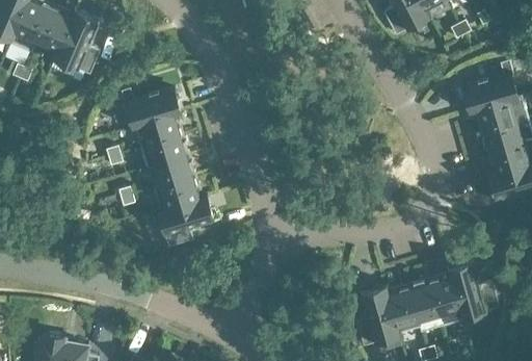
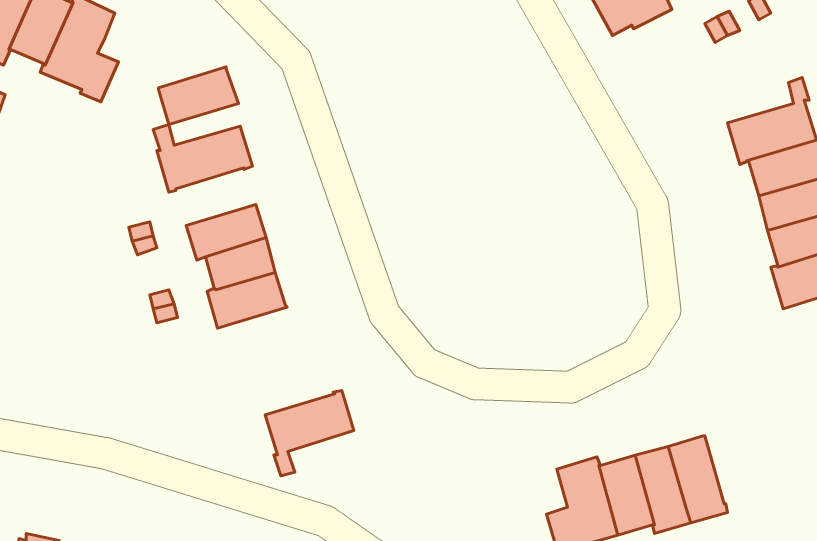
building: [134,114,182,149] -> [158,67,238,124]
building: [159,196,212,247] -> [265,390,354,476]
building: [448,263,499,315] -> none

